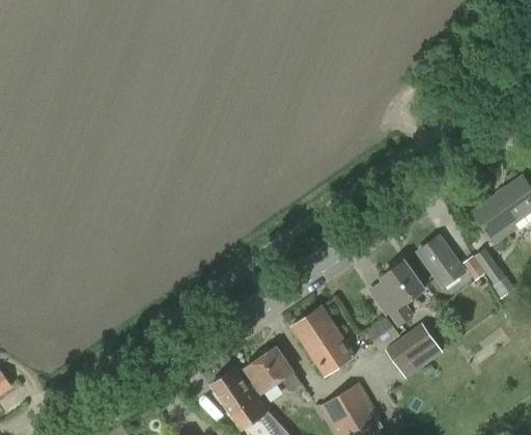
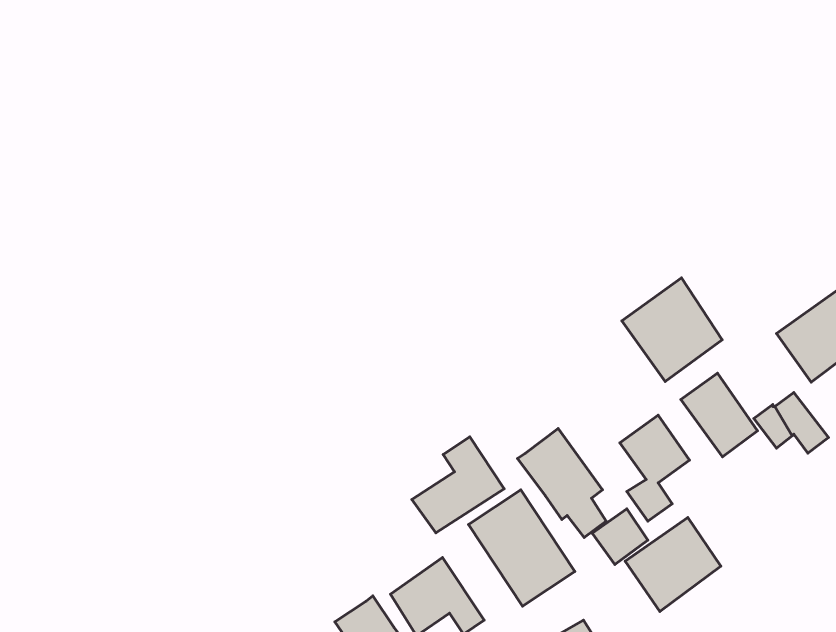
building: none -> [622,278,722,381]
building: none -> [517,429,606,538]
building: none -> [412,437,504,533]

